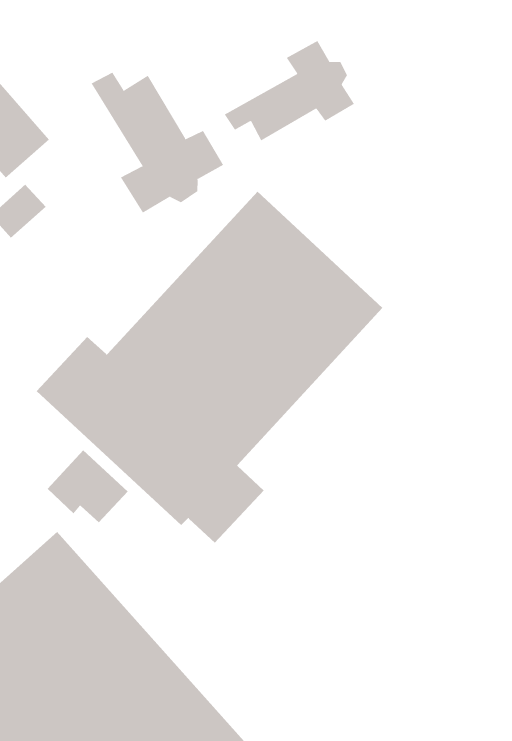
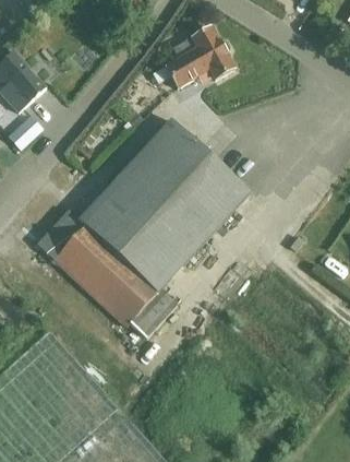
building: [91,72,224,213] -> none
building: [47,449,129,523] -> none

